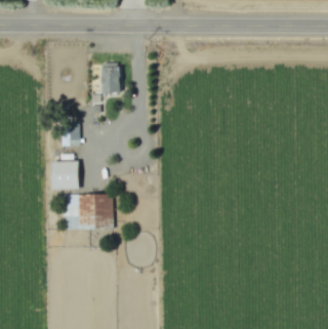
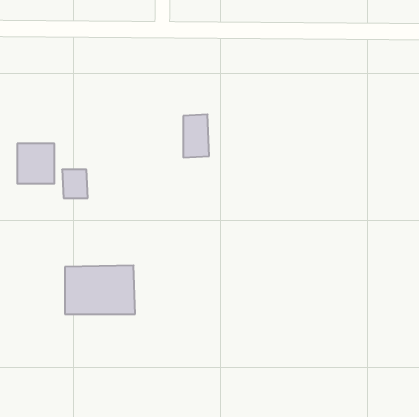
building: [101,61,120,92] -> [183,114,209,157]
building: [51,160,78,189] -> [17,144,54,184]

